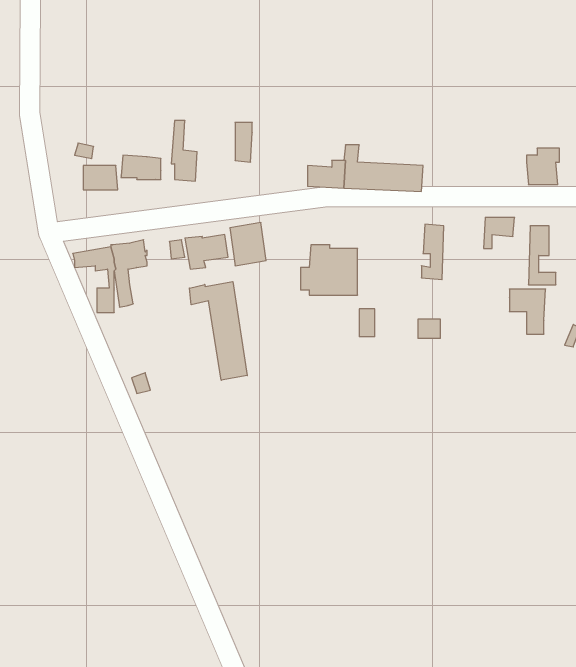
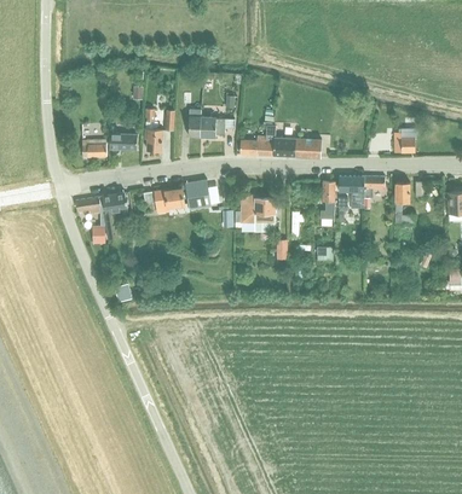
building: none -> [200,116,232,136]
building: [189,282,247,380] -> none
building: [509,289,546,334] -> [339,175,364,207]

